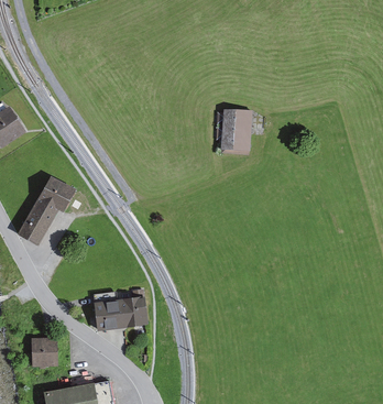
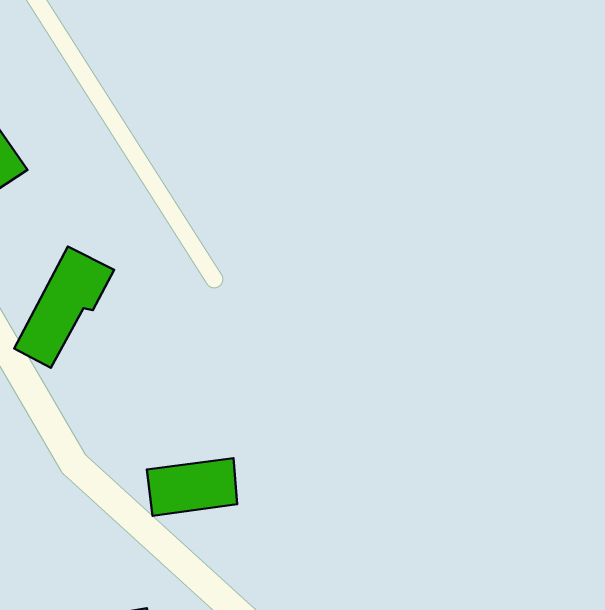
building: [225,112,253,154] -> none
building: [32,338,58,365] -> none

